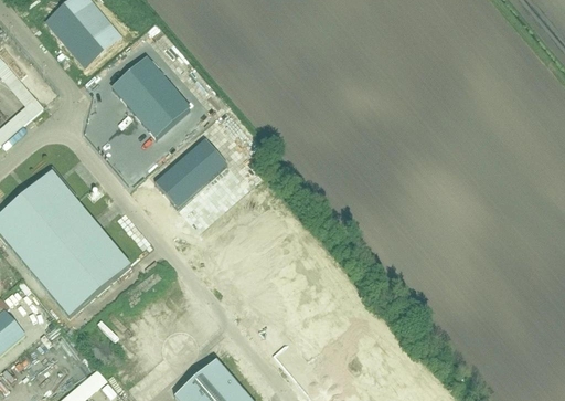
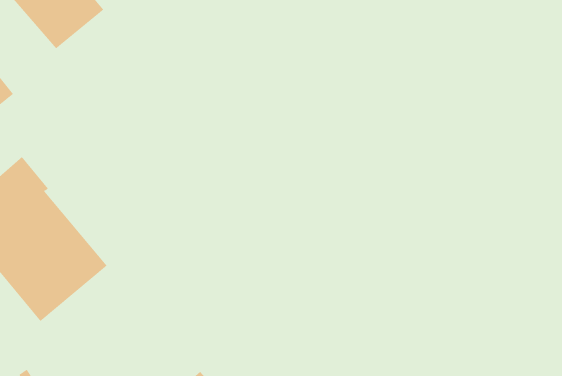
building: [111,56,189,137] -> none
building: [154,138,226,208] -> none

